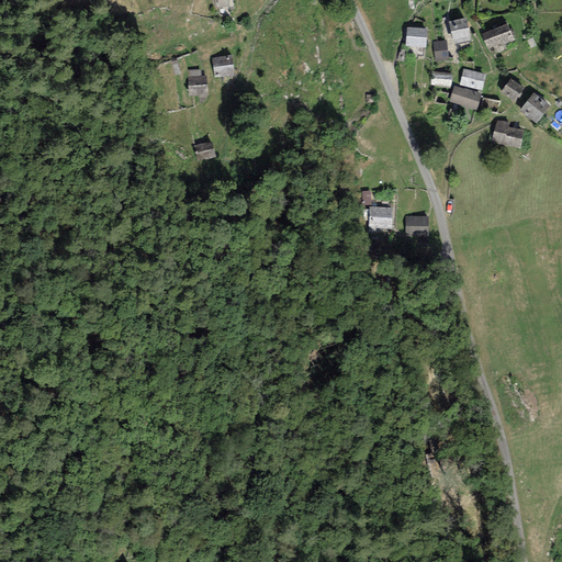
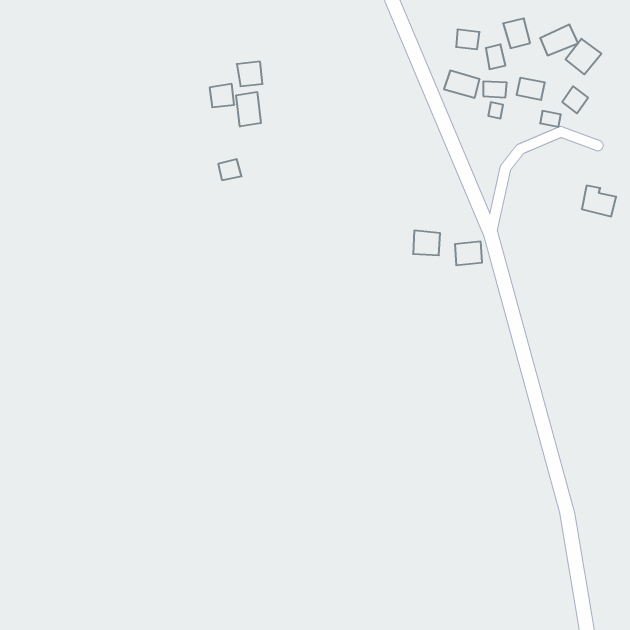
building: none -> [236,92,261,127]
building: [449,85,481,109] -> [444,71,480,98]
building: [519,92,551,124] -> [566,39,601,74]
building: [493,121,524,148] -> [582,186,616,216]

